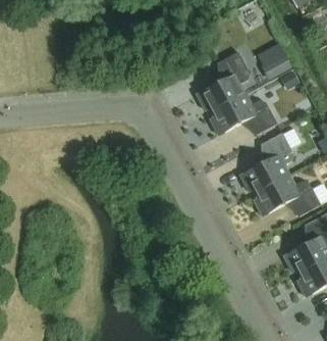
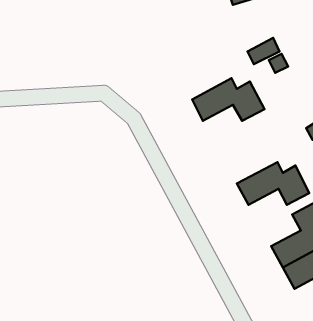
building: [197,51,252,114] -> none
building: [240,132,295,195] -> none

